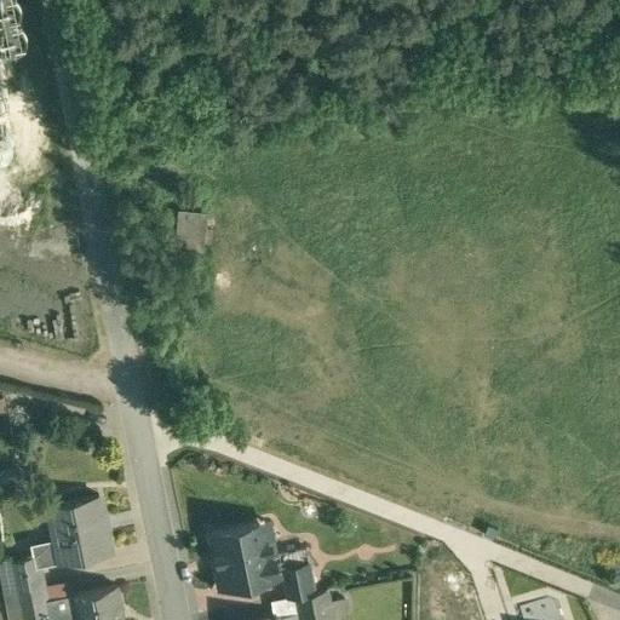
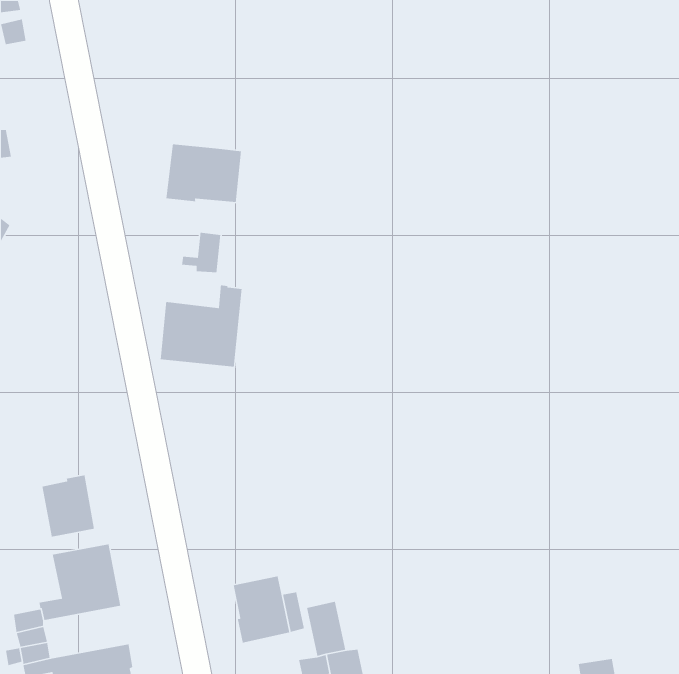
building: none -> [166,143,242,203]
building: none -> [160,285,243,368]
building: none -> [41,475,95,537]

